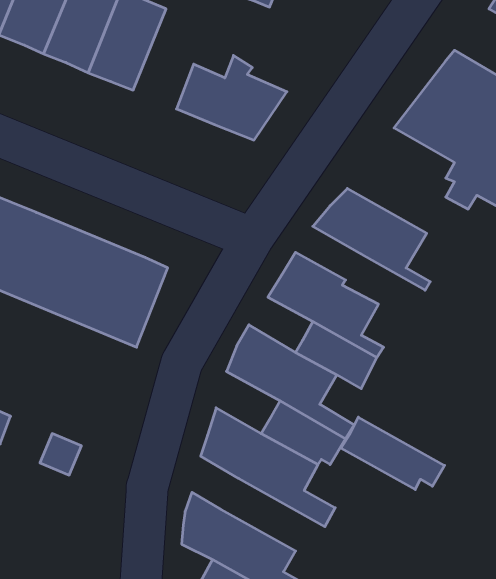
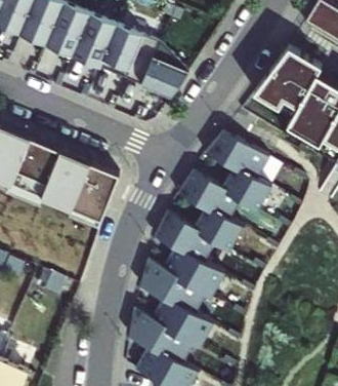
building: none -> [98,23,161,82]
building: none -> [222,168,271,208]
building: [341,417,445,490] -> [151,302,212,345]

